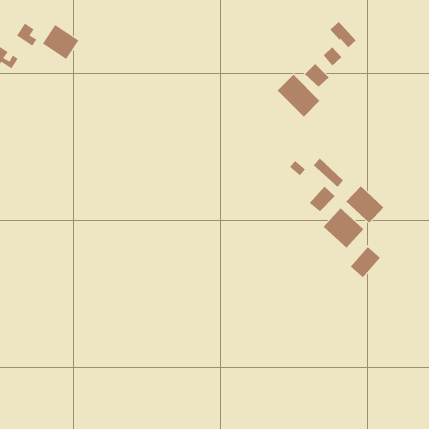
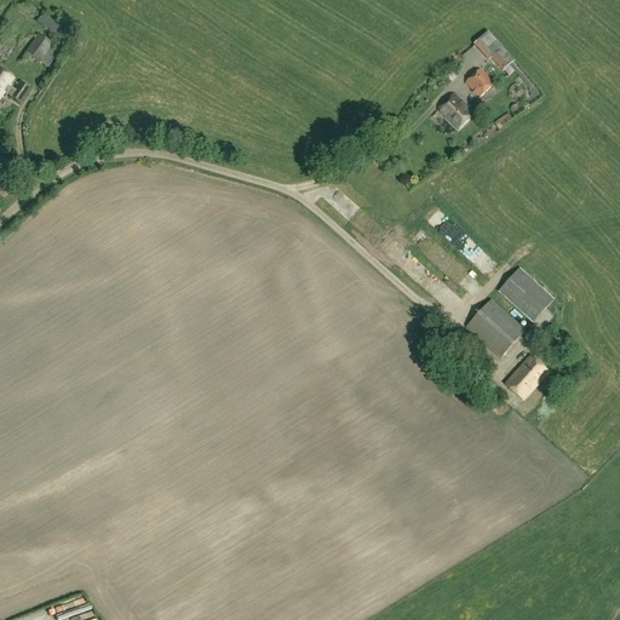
building: [42,24,79,60] -> none
building: [277,74,320,117] -> none
building: [309,186,336,212] -> none

